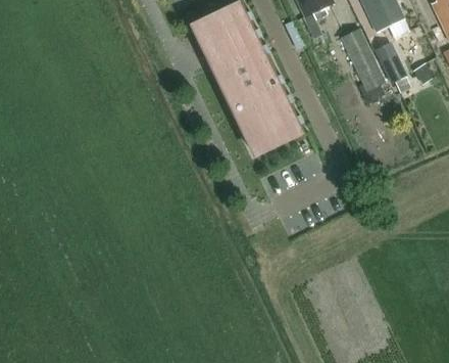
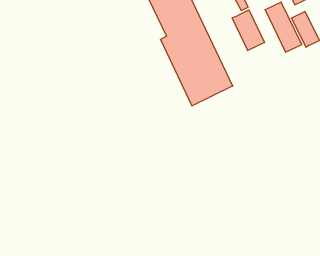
building: none -> [232,10,264,51]

